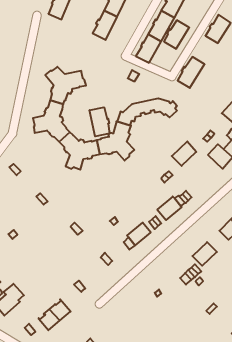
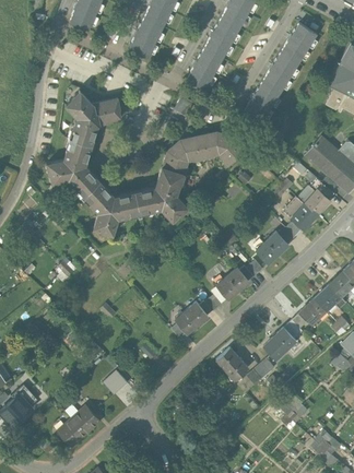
building: [164,20,189,49] -> [263,52,297,91]
building: [90,107,110,136] -> none
building: [172,141,196,166] -> [256,232,288,264]
building: none -> [216,348,248,380]

